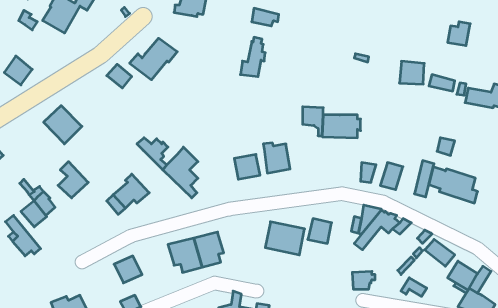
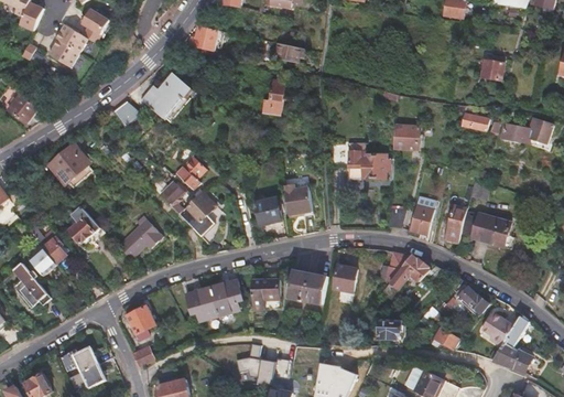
building: [399,61,424,84] -> [392,124,419,148]
building: none -> [166,153,203,185]
building: none -> [251,279,280,309]

